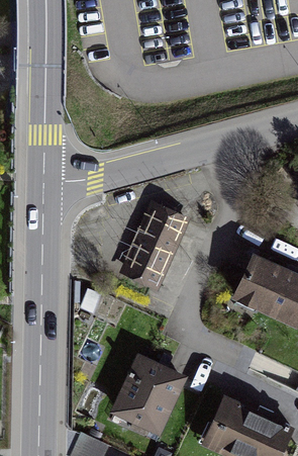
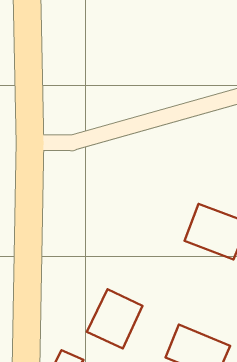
building: [124,206,185,284] -> none

